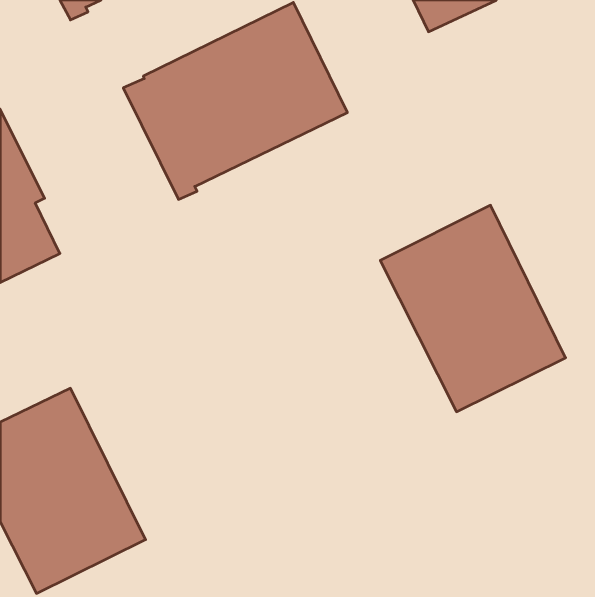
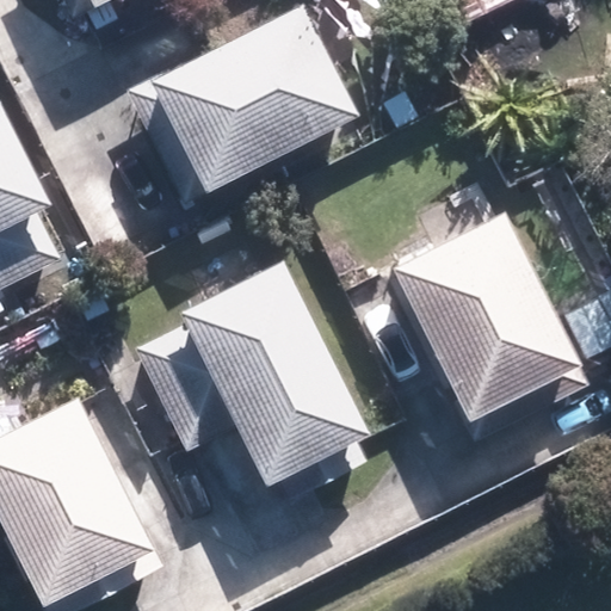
building: none -> [138,260,370,486]

